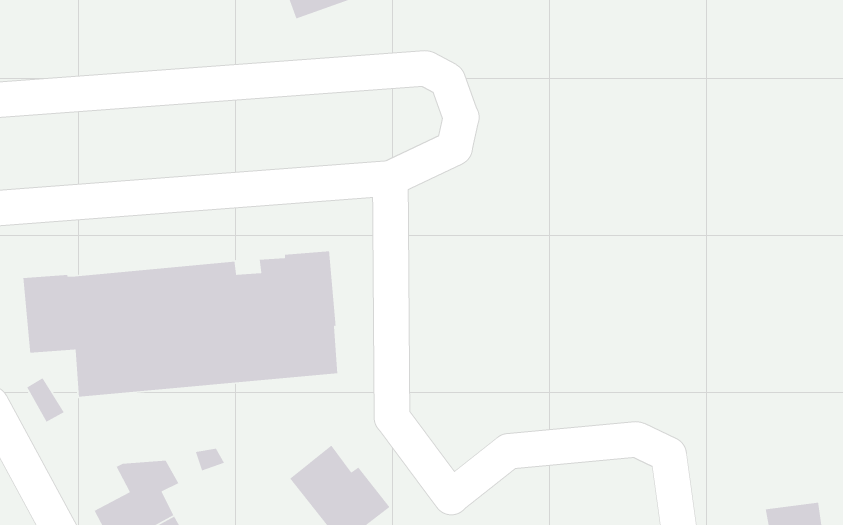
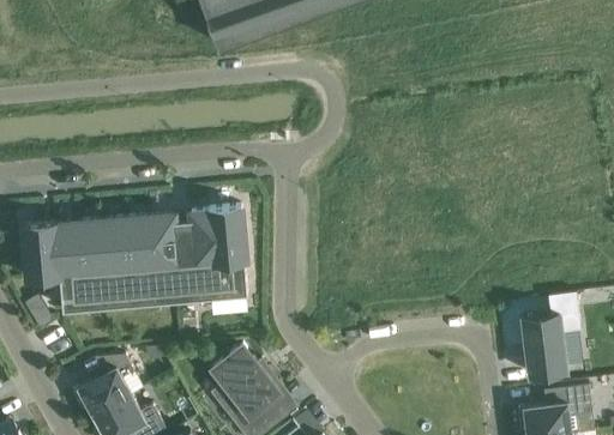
building: none -> [522,294,580,376]

